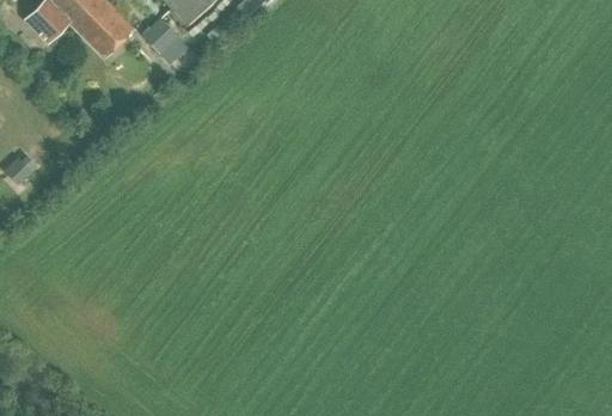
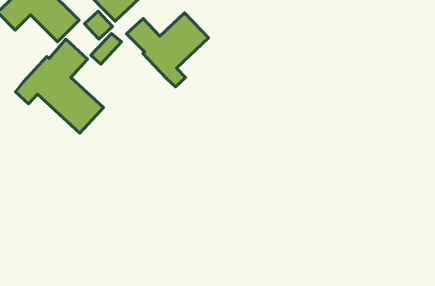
building: none -> [127,13,208,87]
building: none -> [15,39,103,133]

